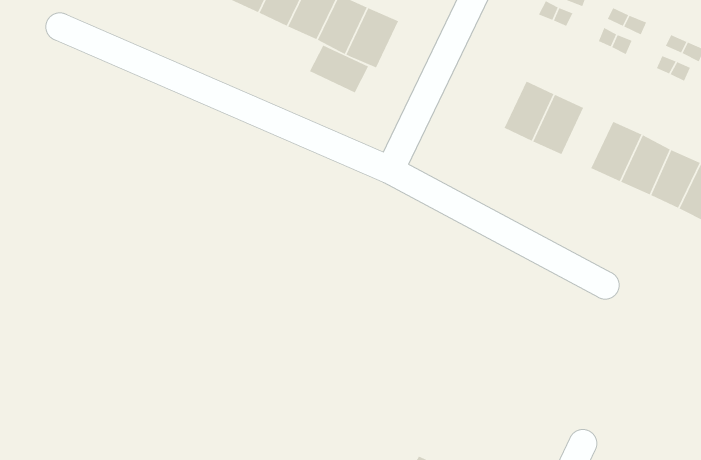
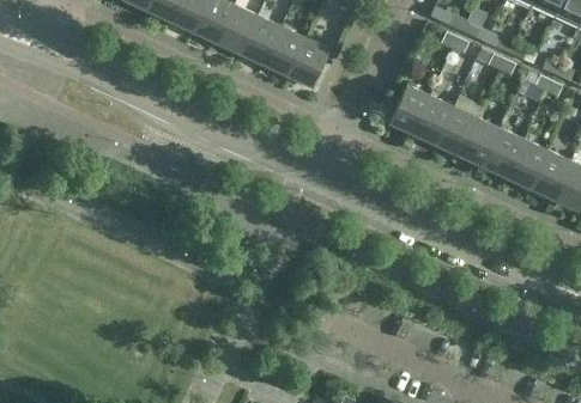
building: [309,44,369,93] -> none
building: none -> [389,85,431,134]
building: none -> [460,117,501,166]

